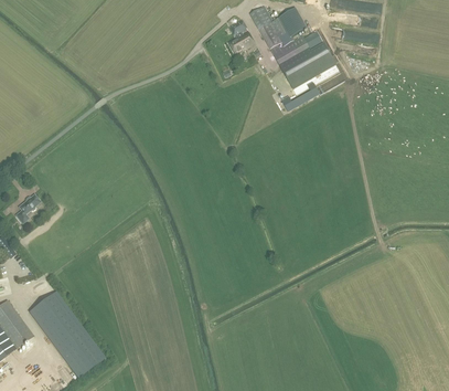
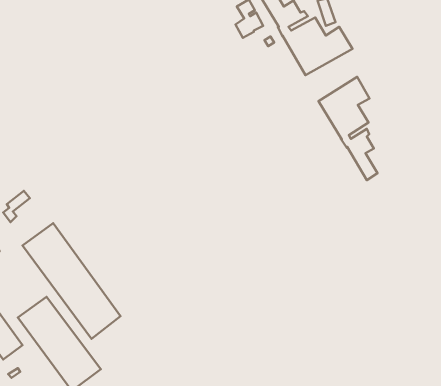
building: none -> [318,77,377,180]
building: none -> [22,223,121,339]

